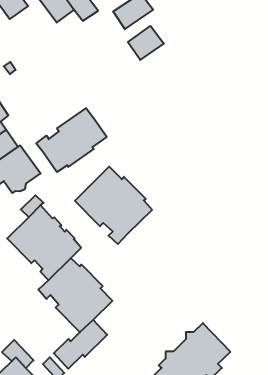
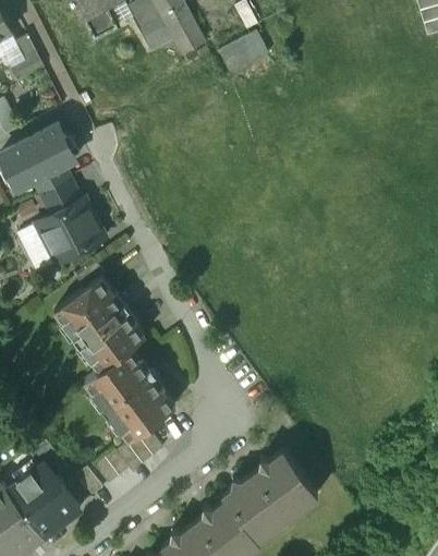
building: [128,26,164,60] -> none
building: [36,108,107,172] -> none
building: [75,167,152,244] -> none

